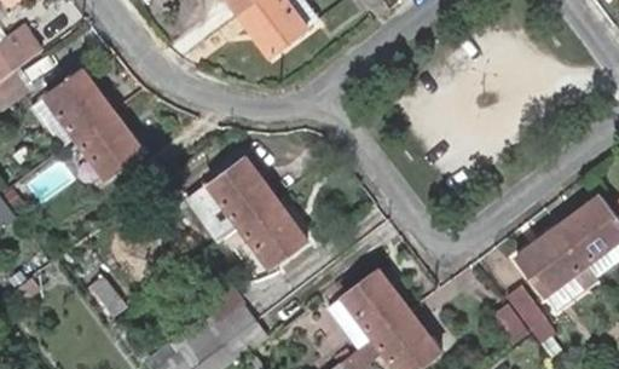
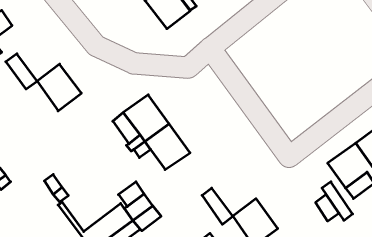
building: [48,68,112,134] -> none
building: [341,269,407,338] -> none

